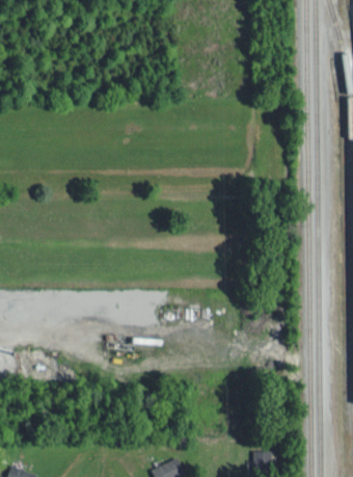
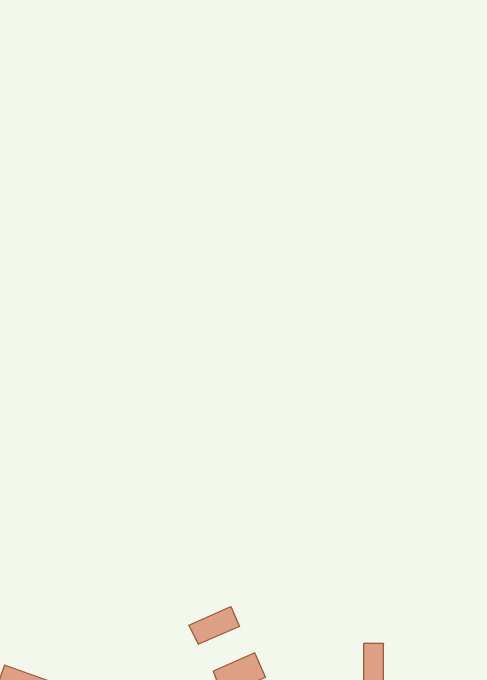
building: none -> [189,607,239,644]

